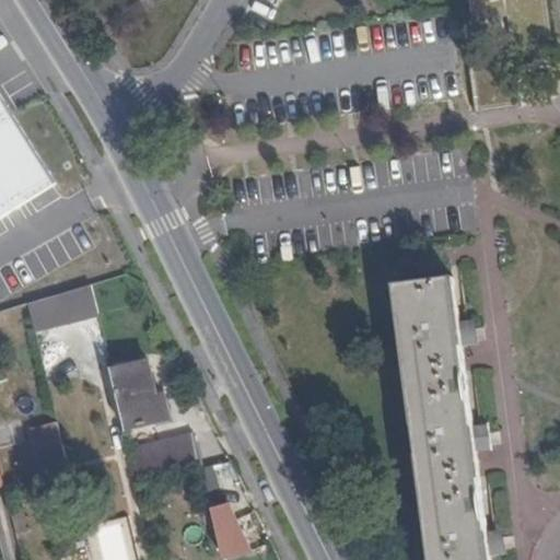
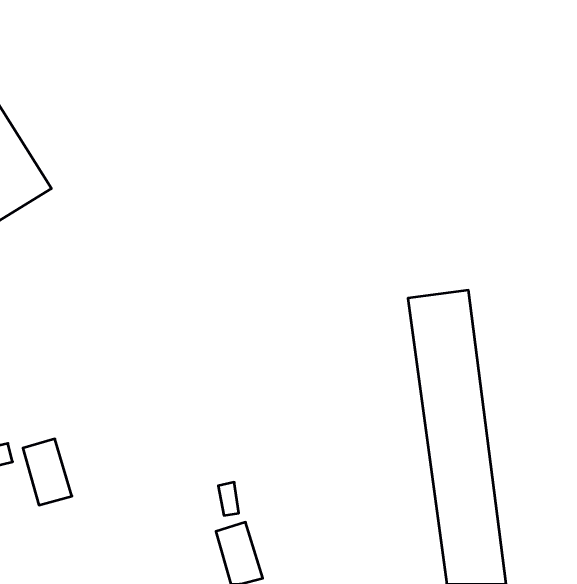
building: [24,283,93,329] -> none
building: [107,362,164,428] -> none
building: [127,436,196,480] -> none

